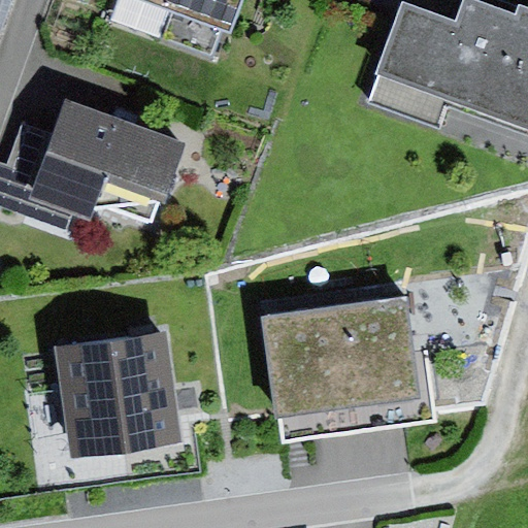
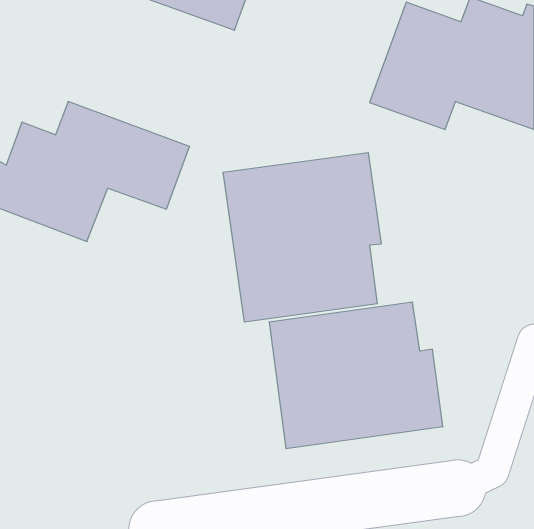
building: none -> [223,152,381,322]
building: [47,325,188,457] -> none

